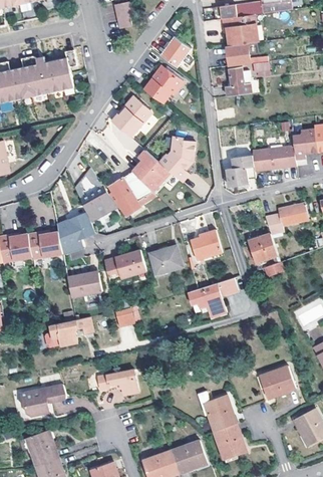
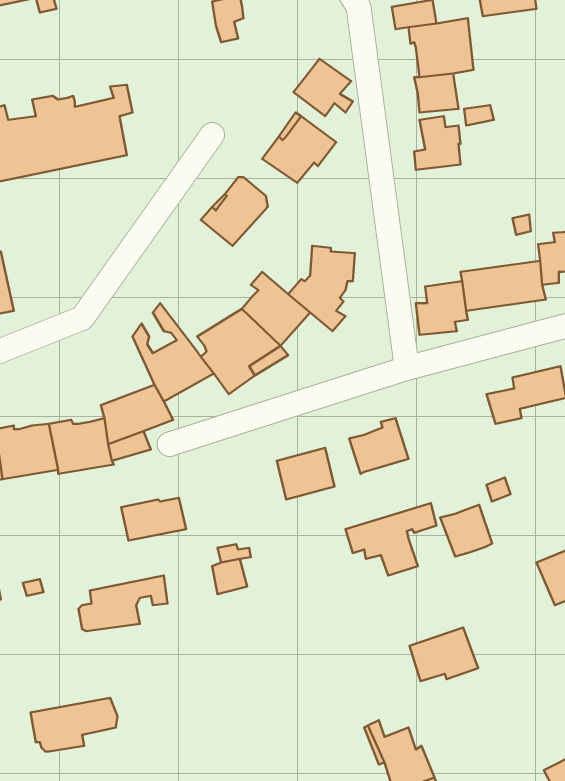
building: [249,233,277,261] -> [440,505,492,557]
building: [104,249,146,280] -> none
building: [262,367,299,396] -> [410,627,478,681]
building: [97,368,138,393] -> none

